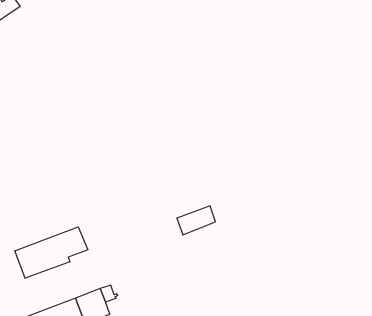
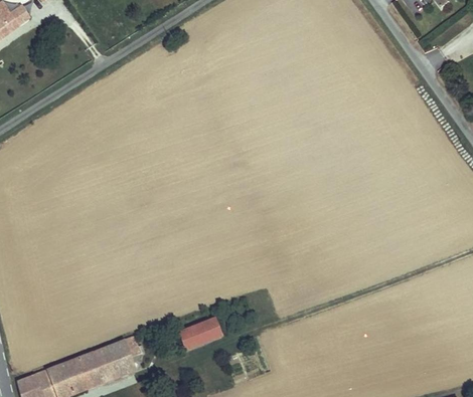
building: [177,206,215,235] -> [177,317,221,350]
building: [15,227,88,278] -> none

